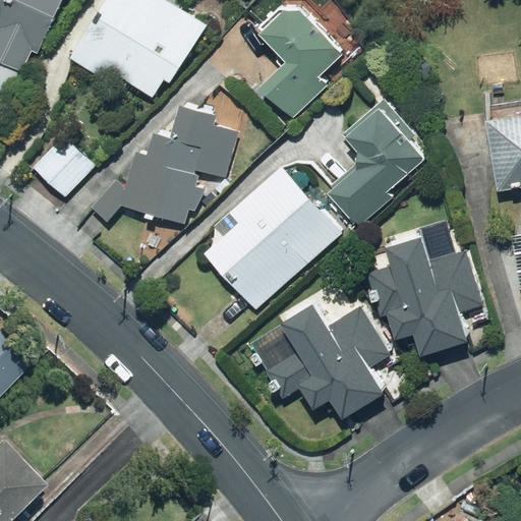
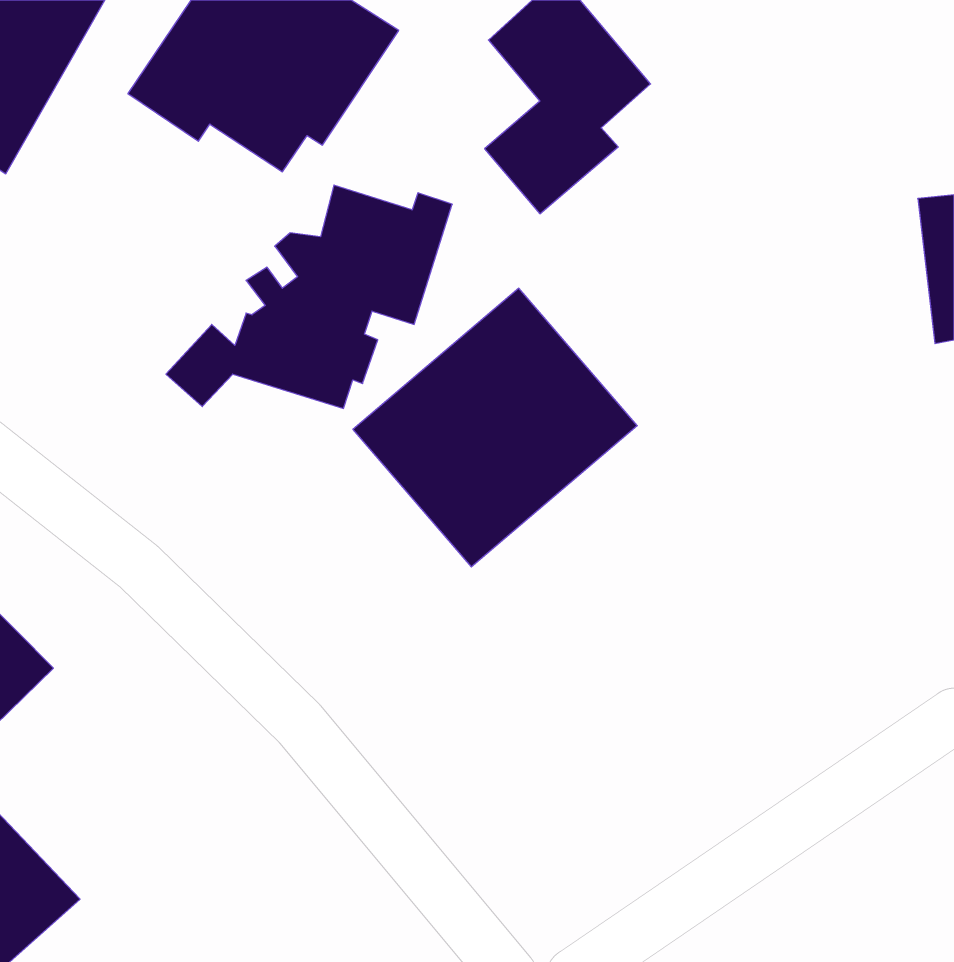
building: [322,103,430,232] -> none
building: [32,133,97,198] -> none
building: [363,235,478,352] -> none
building: [272,298,391,414] -> none

